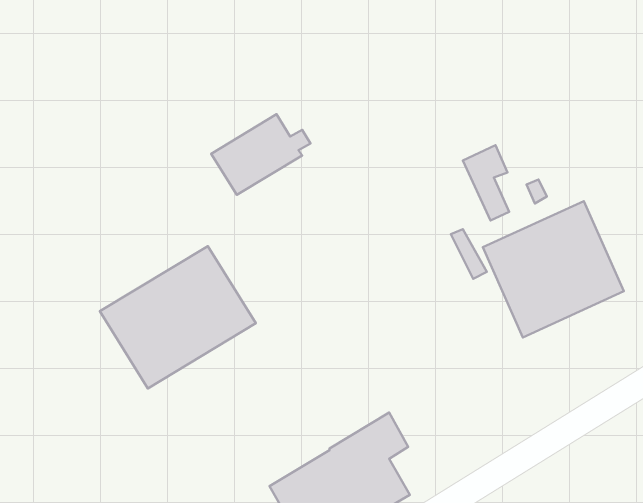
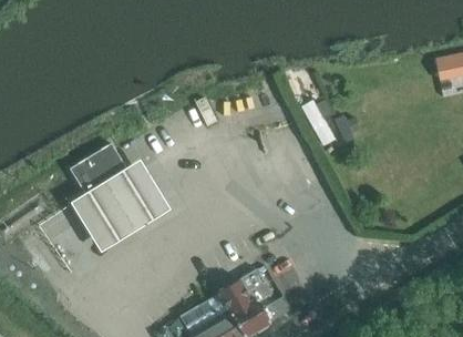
building: [211,114,311,195] -> [69,143,133,195]
building: [483,201,624,337] -> none

